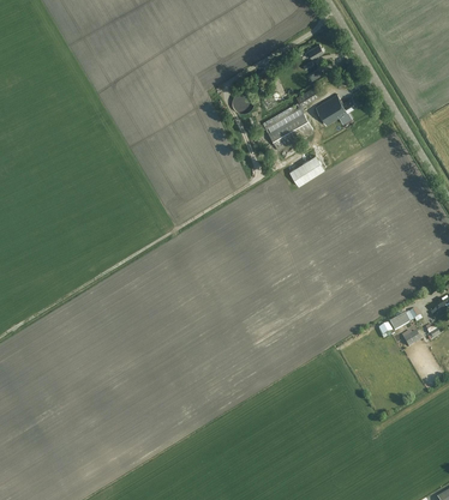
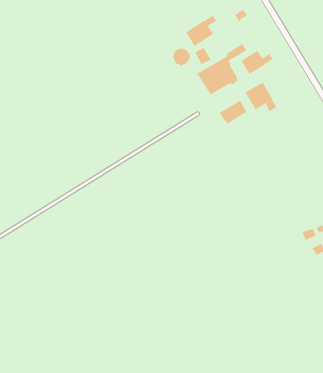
building: none -> [185,15,217,47]
building: none -> [245,82,277,112]

